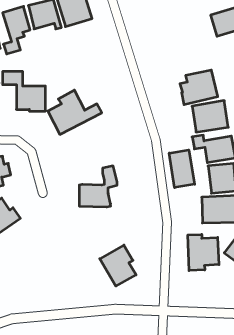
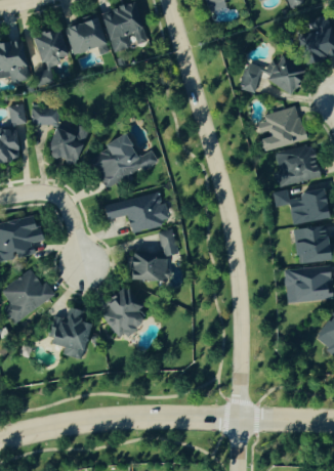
building: none -> [242,60,301,92]
building: none -> [103,191,168,232]
building: [169,150,195,188] -> none
building: none -> [49,306,90,359]
building: [188,234,219,271] -> none
building: [100,245,136,286] -> [98,287,144,339]

